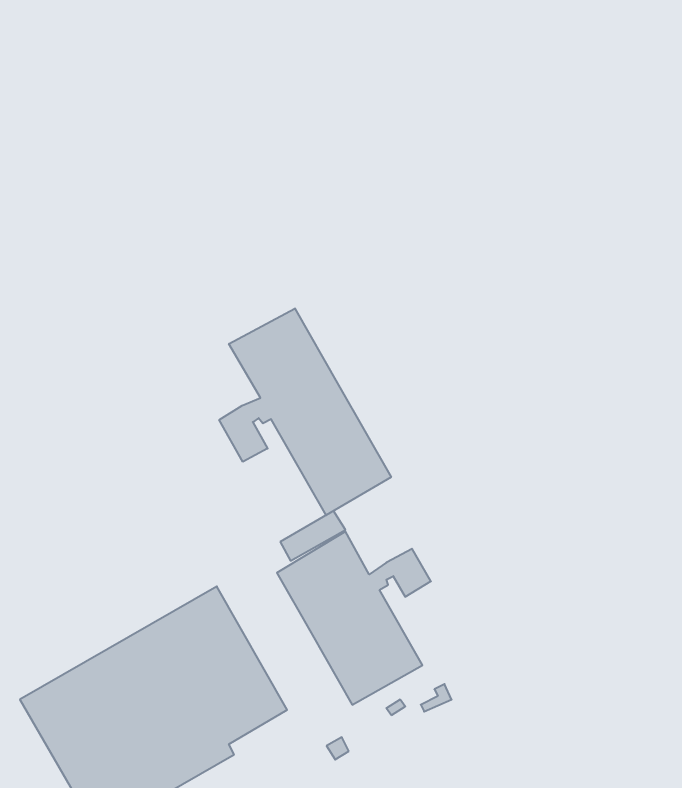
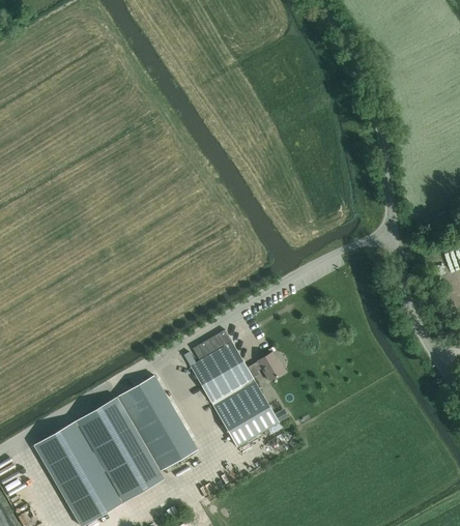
building: [219,308,391,515] -> none

